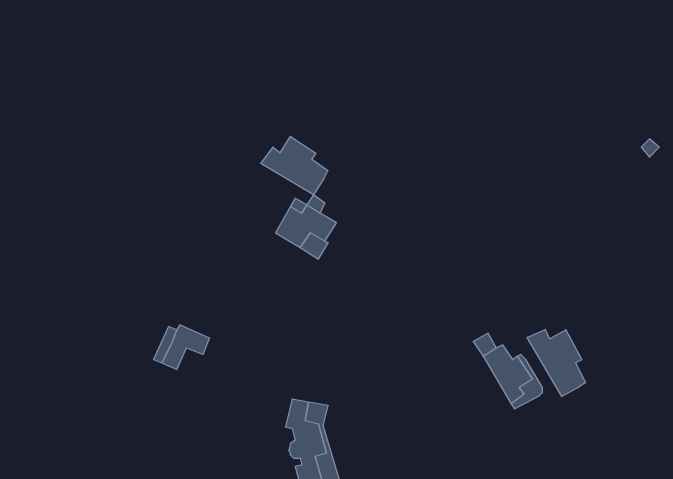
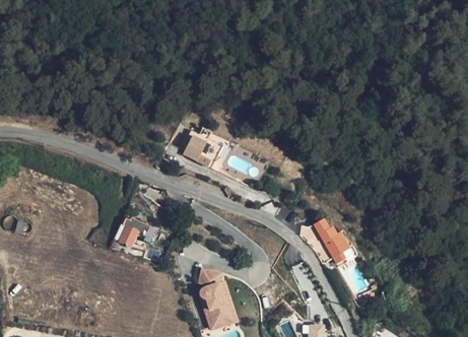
building: [261,136,328,195] -> none
building: [527,329,586,397] -> none

